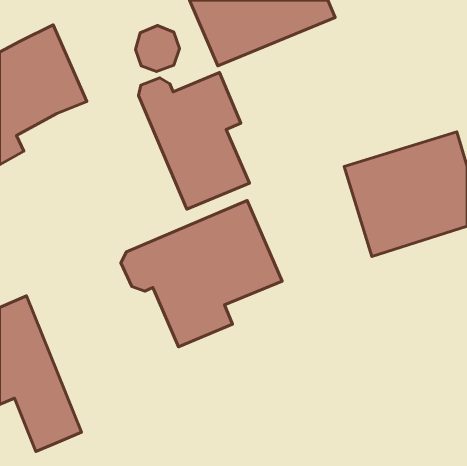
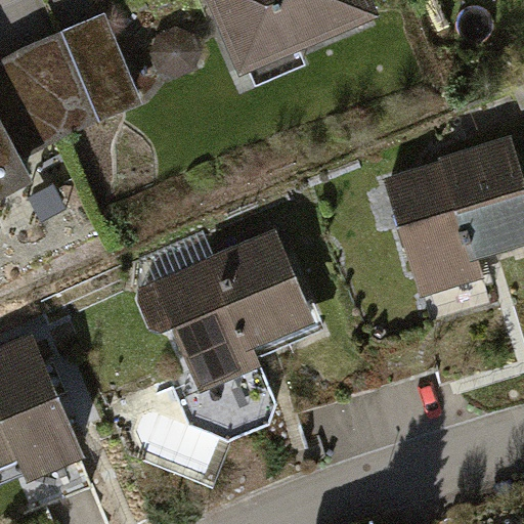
building: none -> [59,11,140,116]
building: [139,72,249,209] -> none

